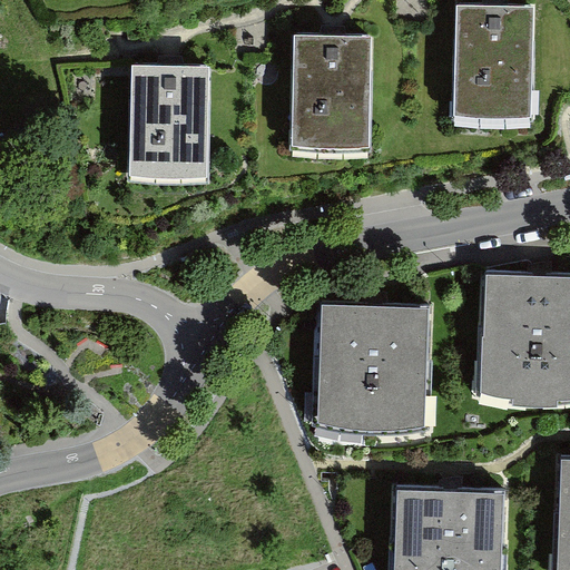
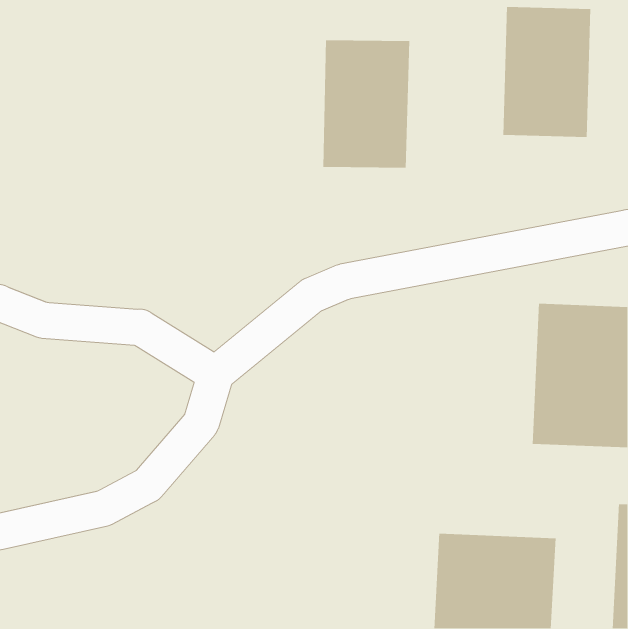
building: [128,65,214,186] -> none
building: [317,303,430,434] -> none

